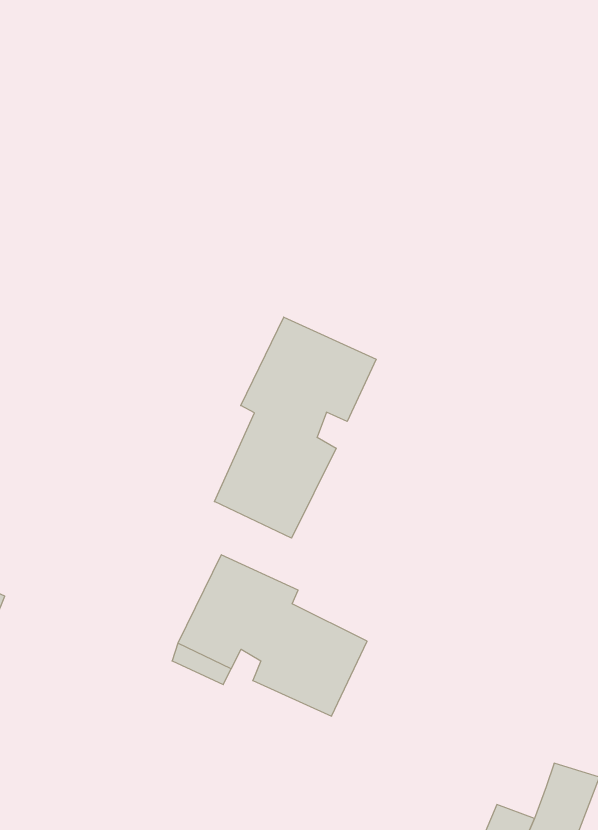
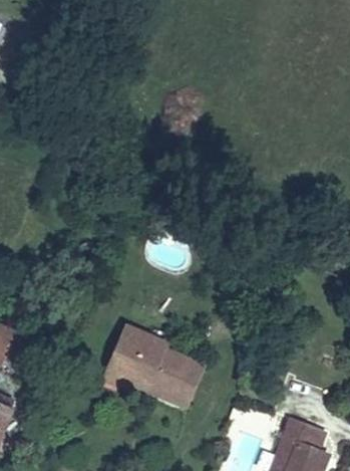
building: [214,317,376,538] -> none

